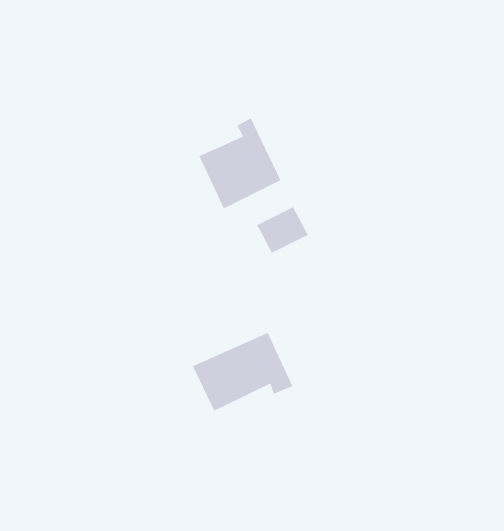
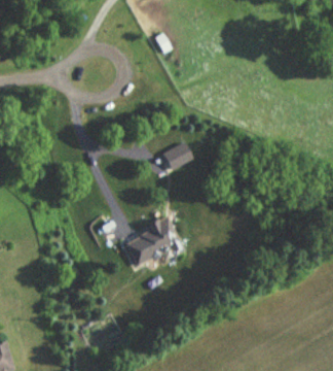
building: [198,117,282,209] -> none

